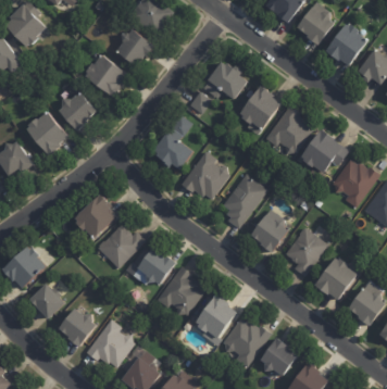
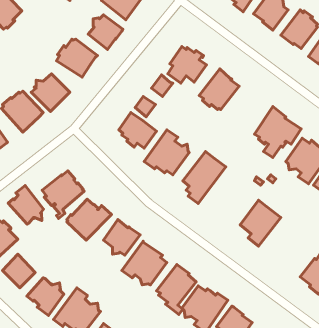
building: [262,103,310,153] -> none
building: [246,206,287,251] -> none
building: none -> [8,186,44,224]
building: [314,258,357,301] -> none

